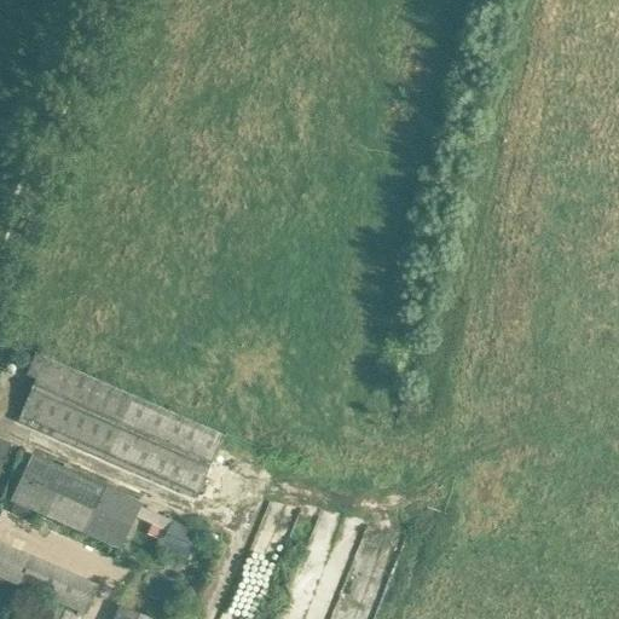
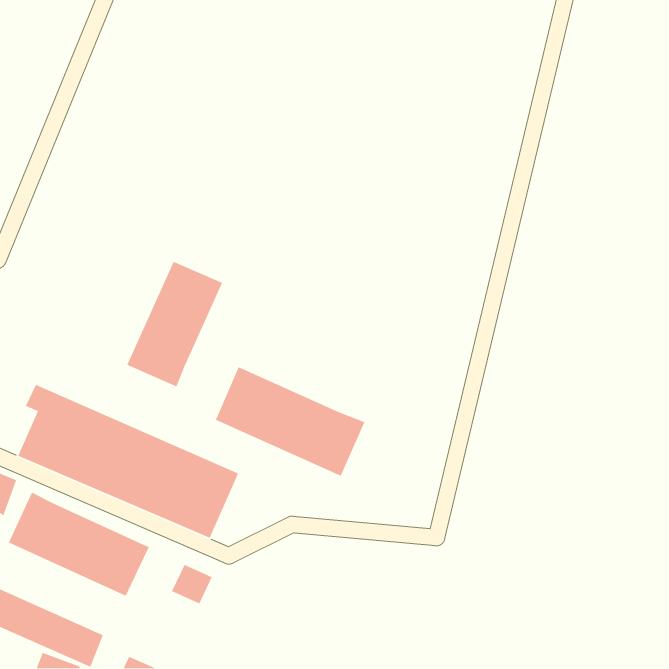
building: none -> [126,261,223,388]
building: none -> [215,366,365,477]

